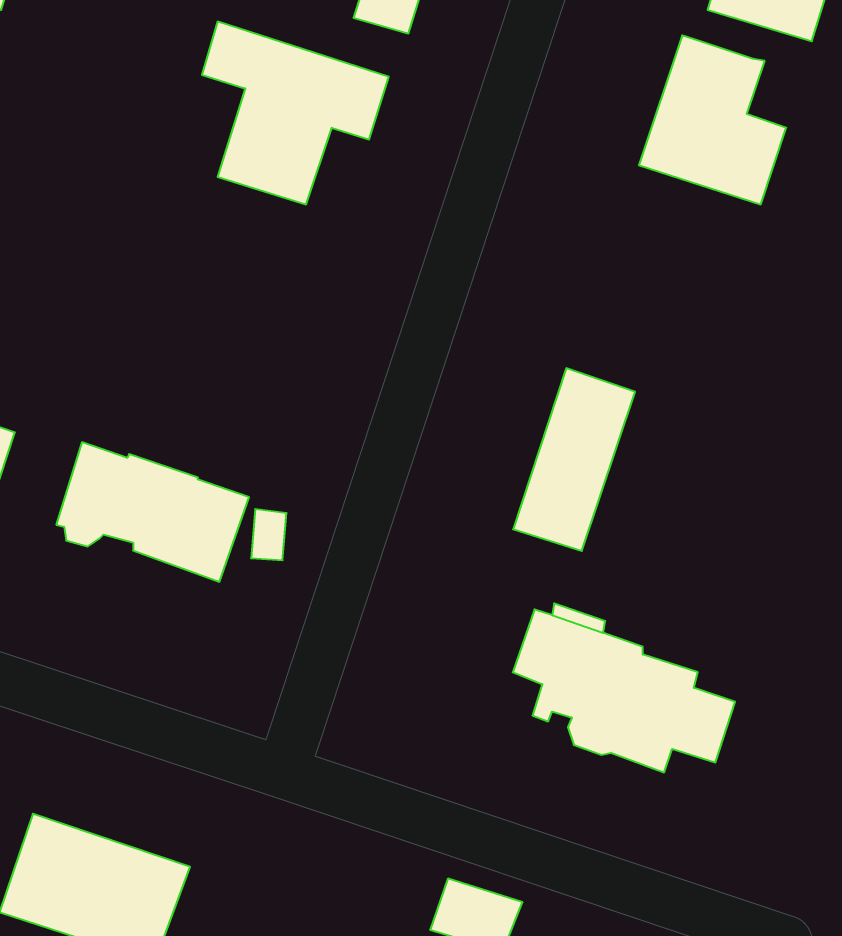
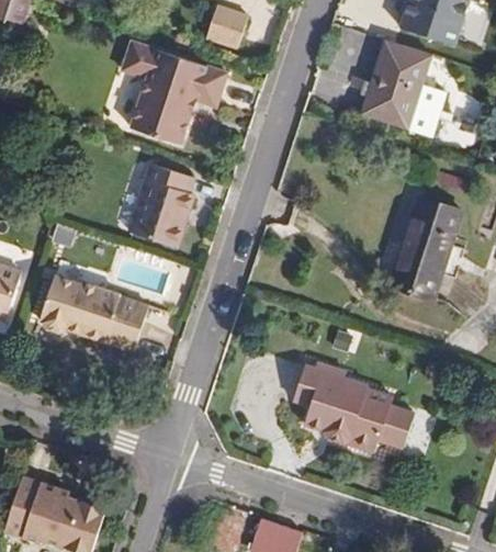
building: none -> [123,158,188,240]
building: [513,368,635,551] -> [397,196,465,298]

